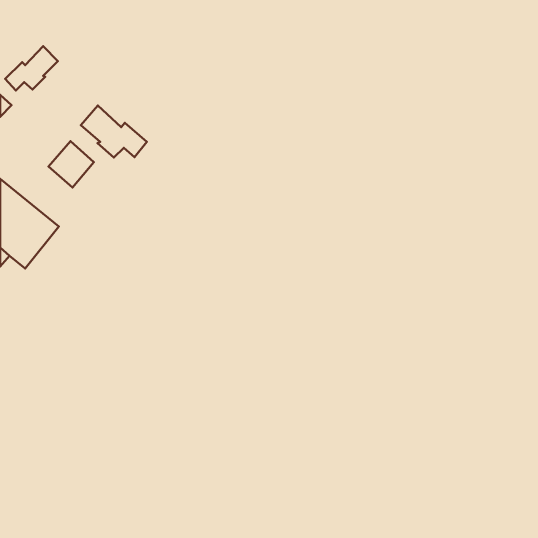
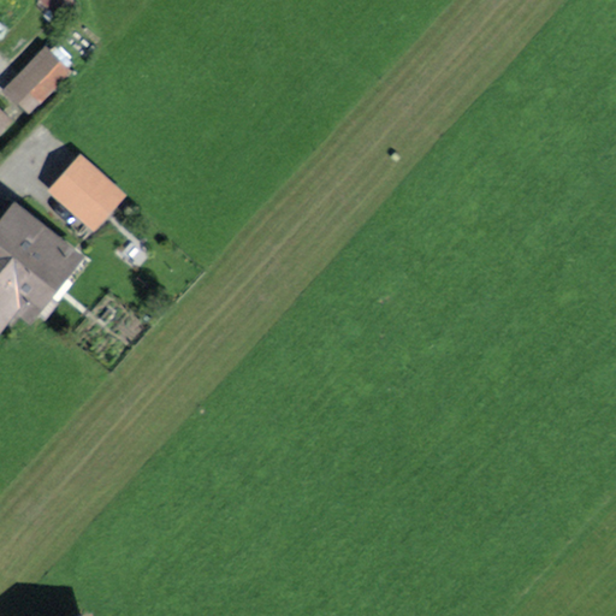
building: [81,106,147,158] -> none

